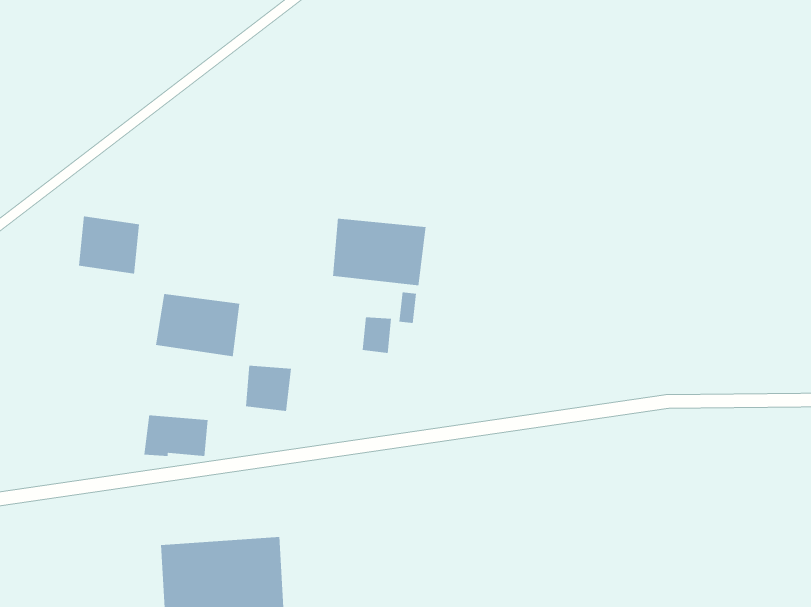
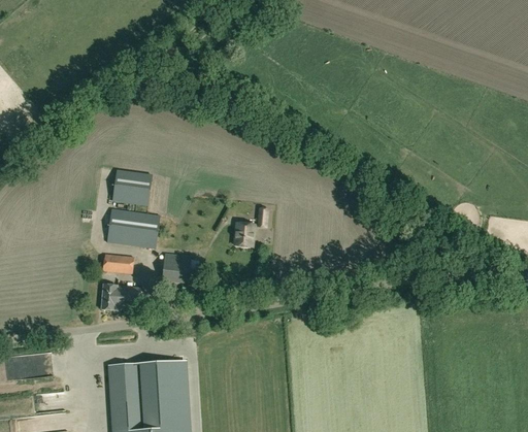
building: [78,216,140,274] -> [112,169,151,205]
building: [333,218,426,286] -> none
building: none -> [103,253,133,273]

